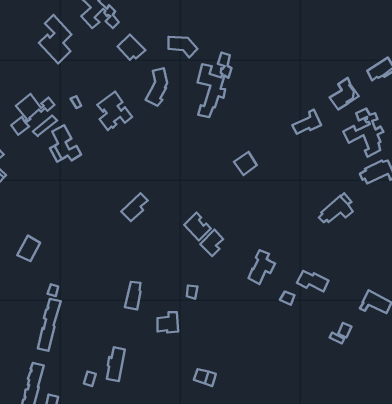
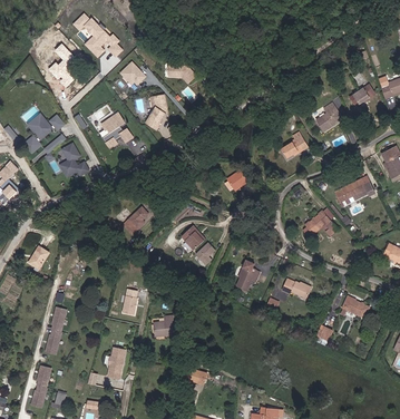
building: [198,53,231,117] -> none
building: [343,108,384,157] -> none

